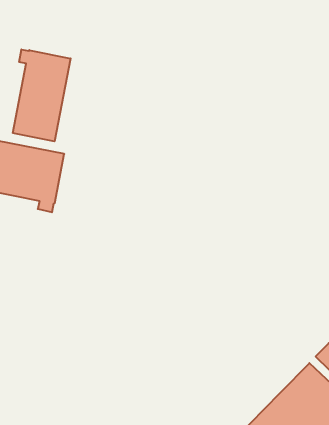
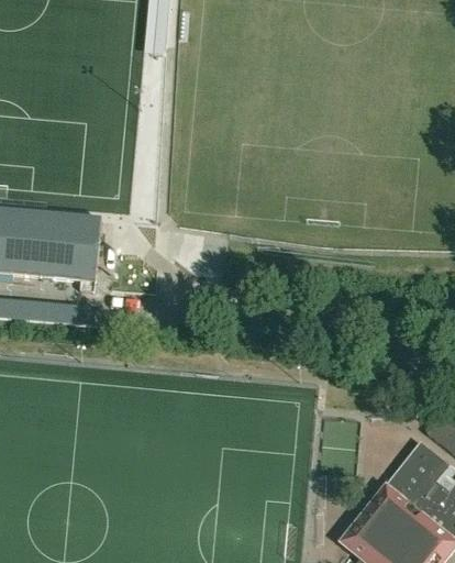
building: [13,49,71,141] -> none

